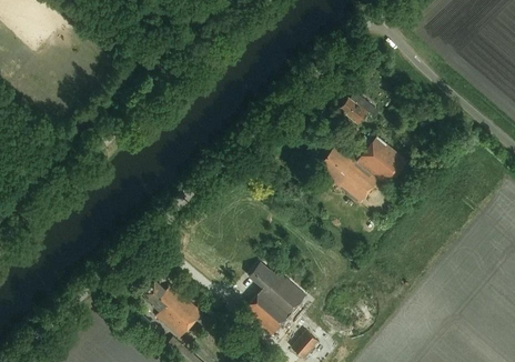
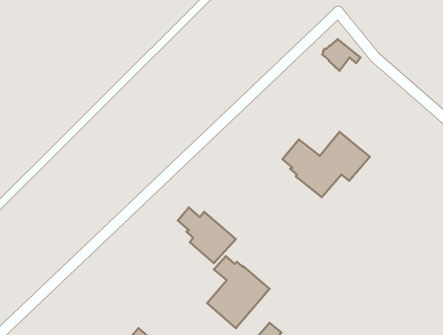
building: [340,92,378,124] -> [322,39,360,71]
building: [143,281,202,338] -> [178,207,236,263]

